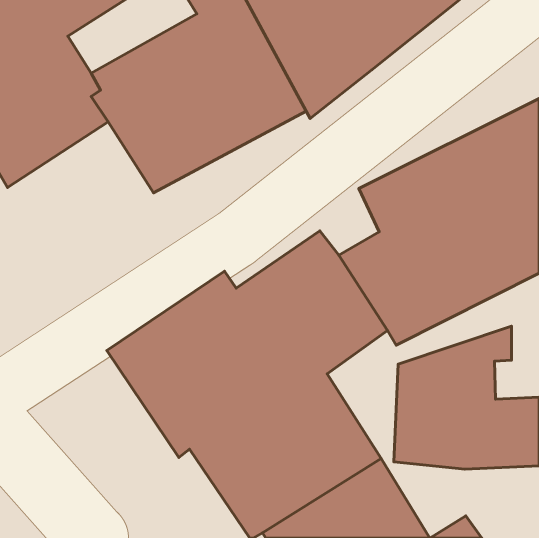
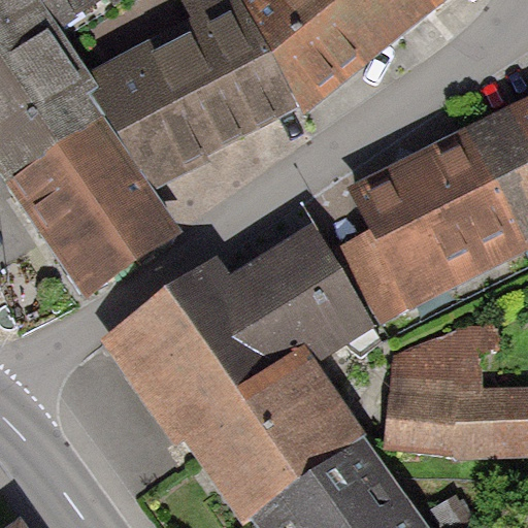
building: none -> [7,119,180,297]

